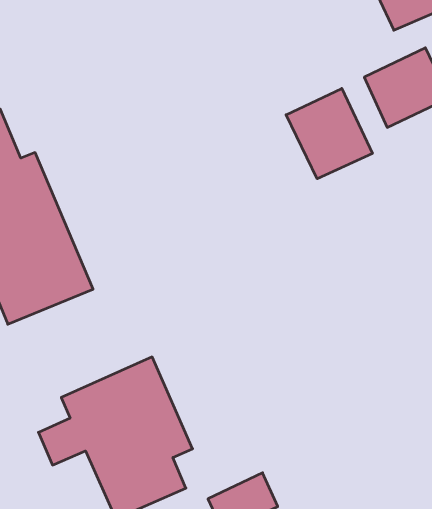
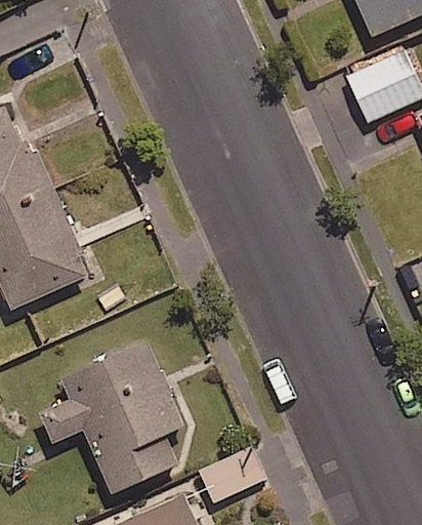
building: [286,88,372,179] -> none

